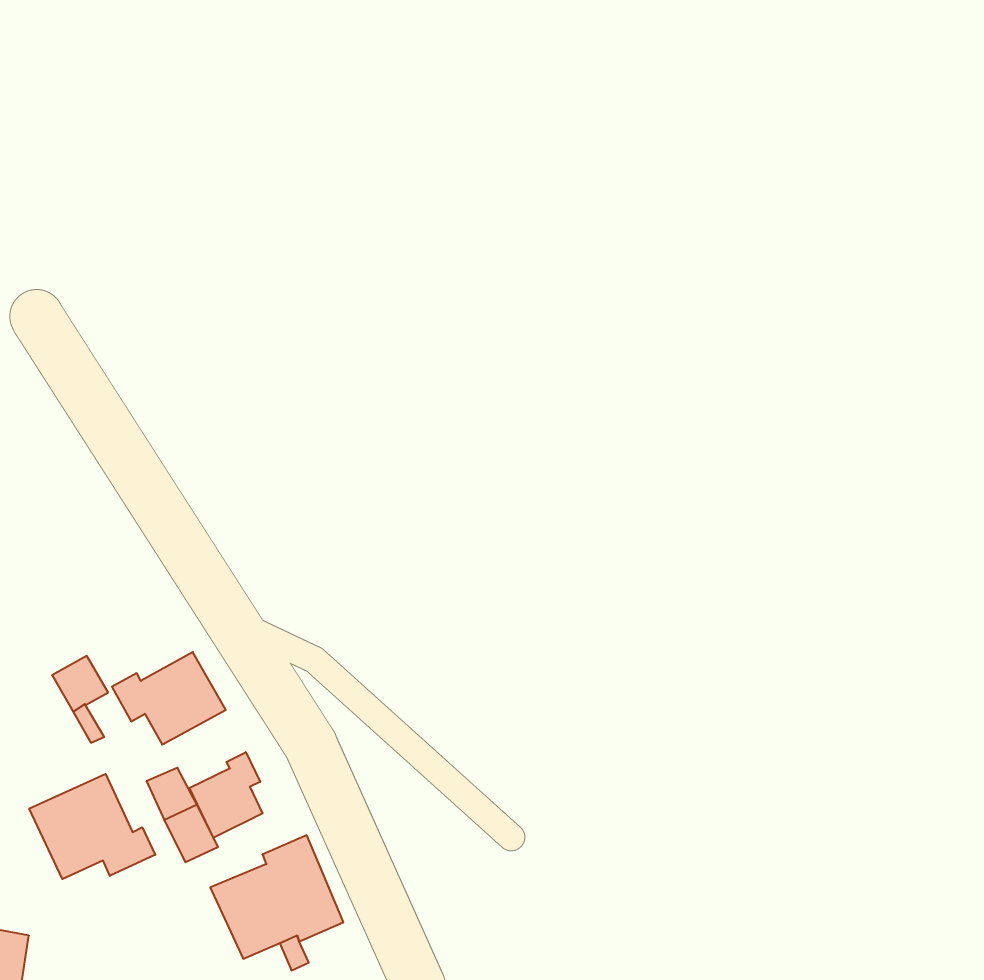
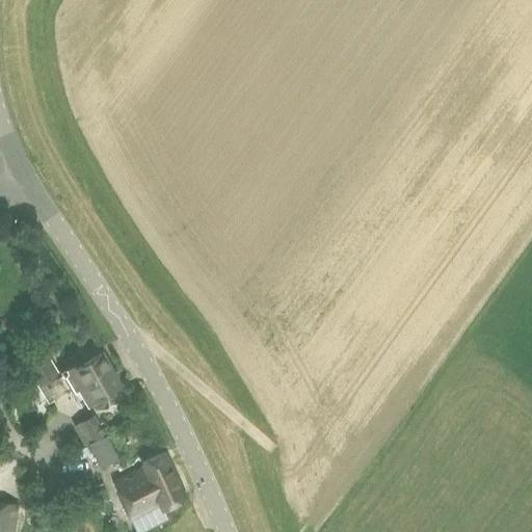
building: [189,752,263,838] -> none
building: [29,774,155,879] -> none

